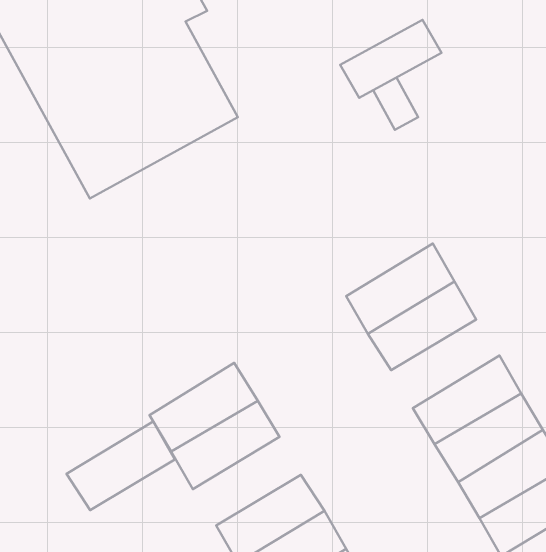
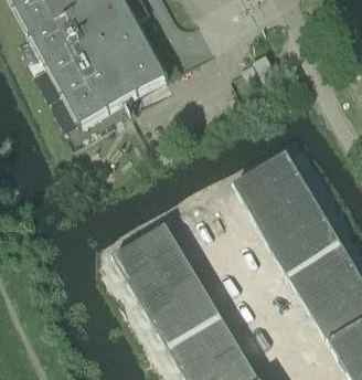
building: [340,20,441,98] -> none
building: none -> [262,199,328,253]
building: [67,422,175,510] -> [140,271,206,325]

